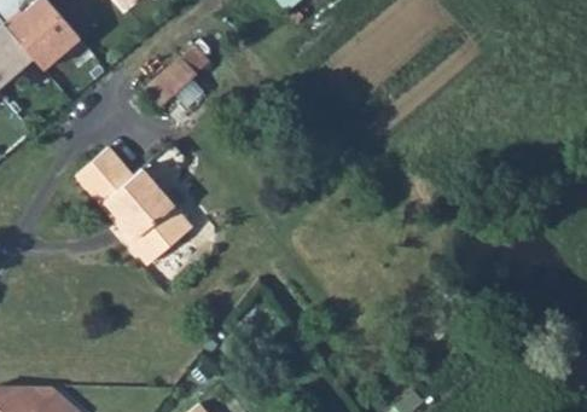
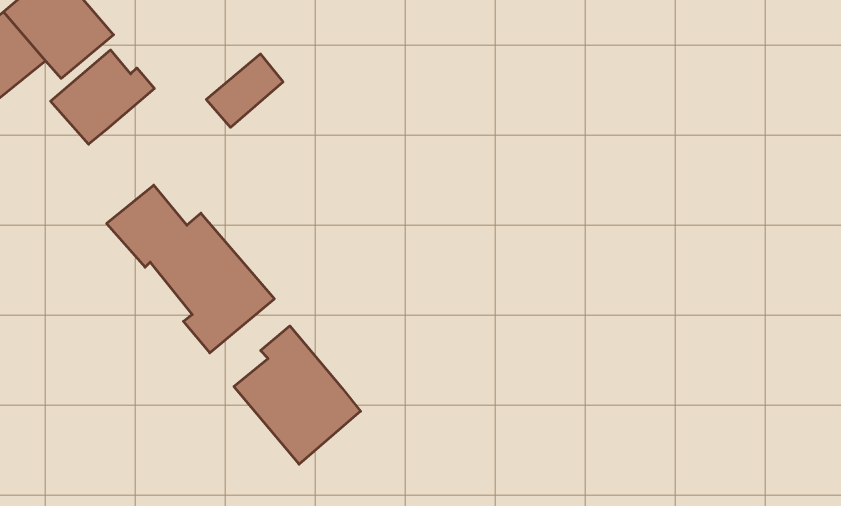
building: none -> [51,50,154,144]
building: none -> [234,326,361,464]

